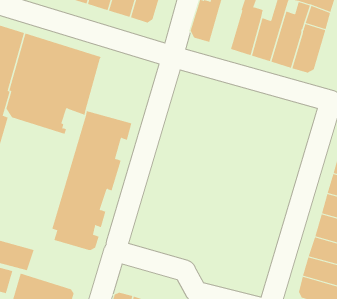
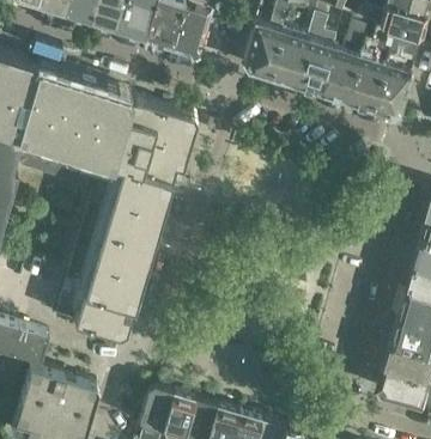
building: none -> [269,32,309,87]
building: none -> [115,99,196,179]

